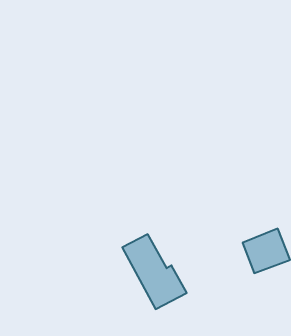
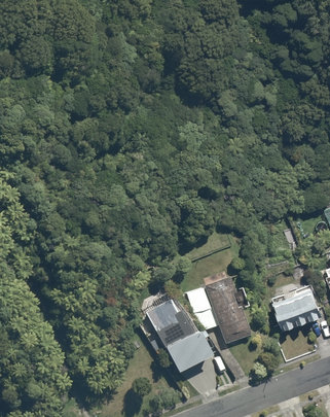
building: none -> [191,279,255,347]

